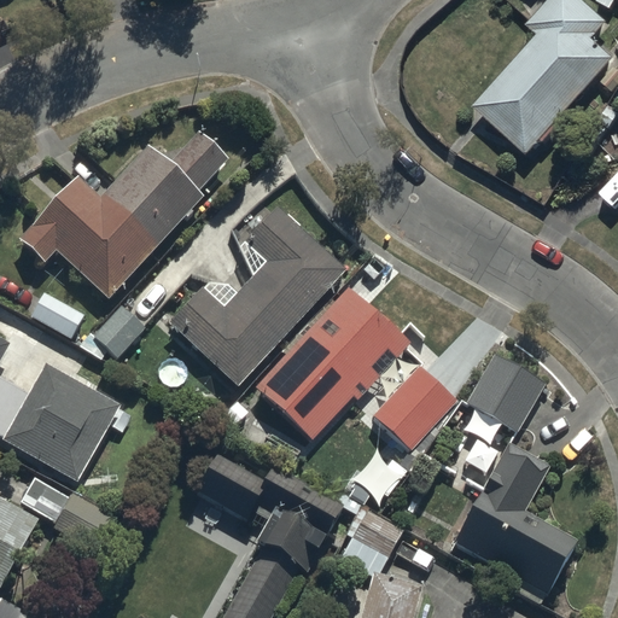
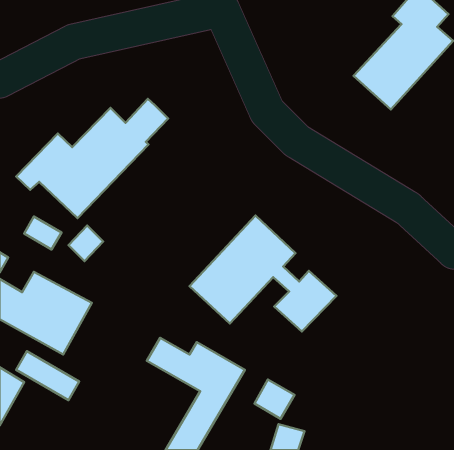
building: [168,206,345,387] -> none
building: [470,356,537,425] -> none
building: [460,451,572,587] -> none

